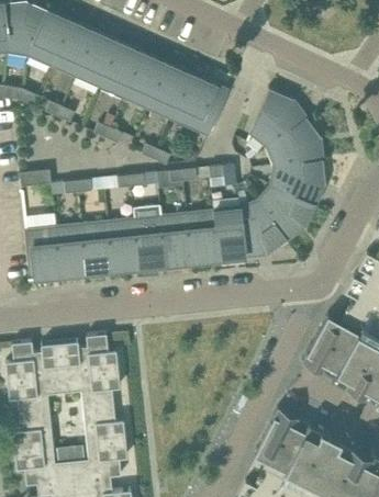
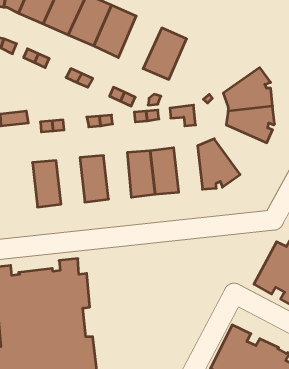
building: [152,65,200,123] -> none
building: [250,88,309,150] -> none
building: [258,185,316,240] -> none
building: [213,208,245,262] -> none
building: [135,216,166,268] -> none
building: [82,222,114,273] -> none
building: [26,227,62,280] -> none

